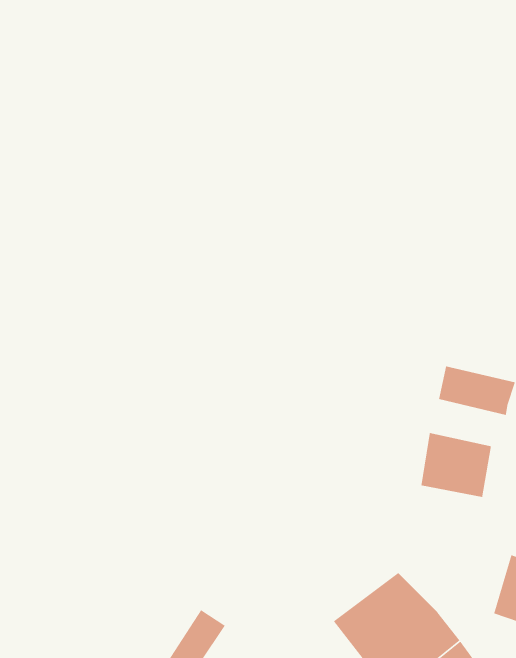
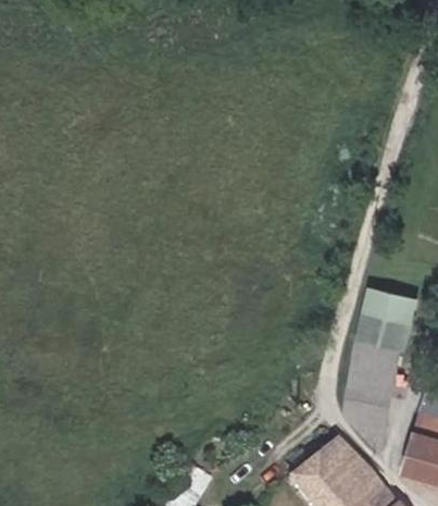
building: none -> [355,314,412,349]
building: none -> [343,378,395,453]

